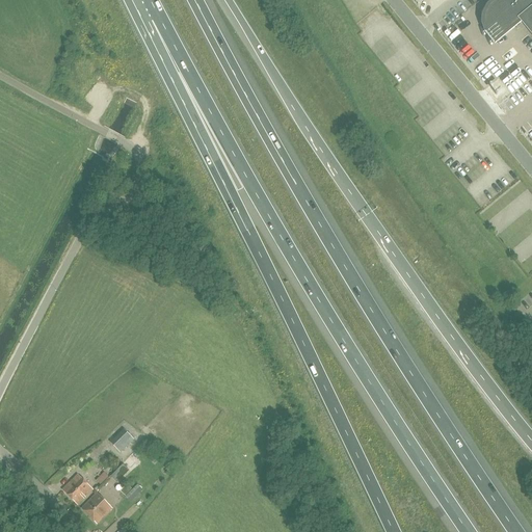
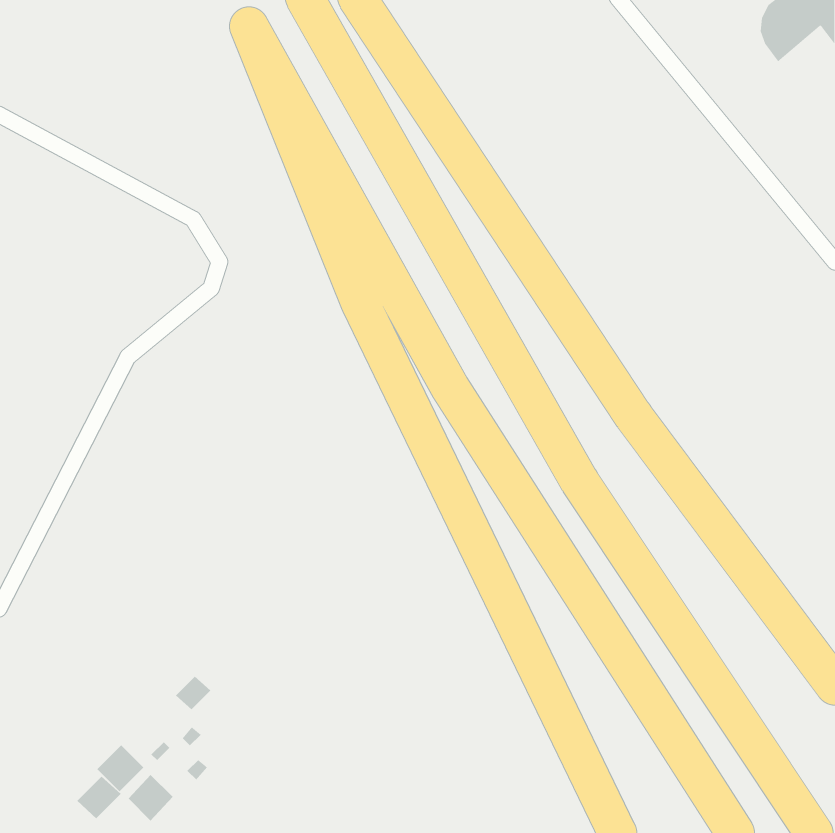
building: none -> [76,776,121,819]

